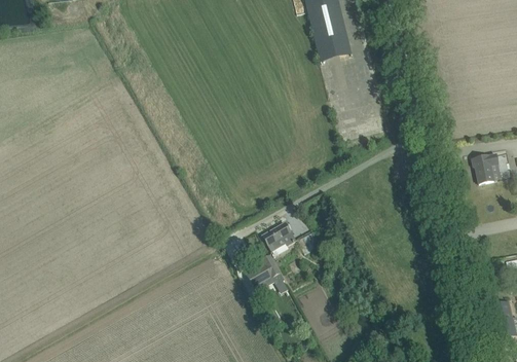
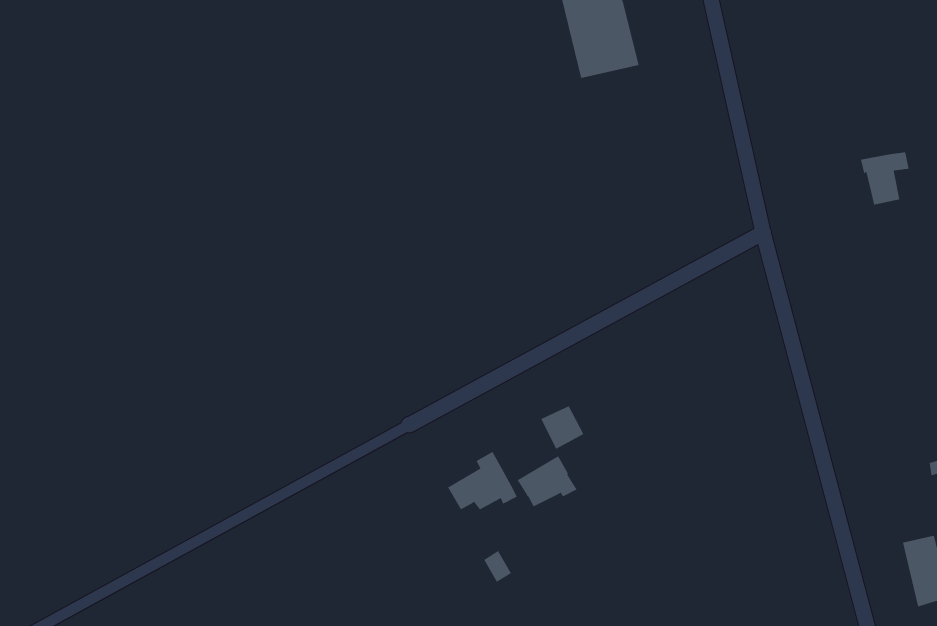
building: [473,154,500,183] -> [860,152,910,205]
building: [263,222,296,251] -> [517,455,578,509]

